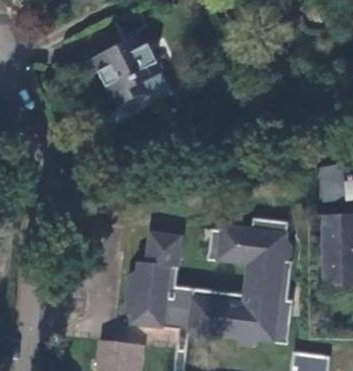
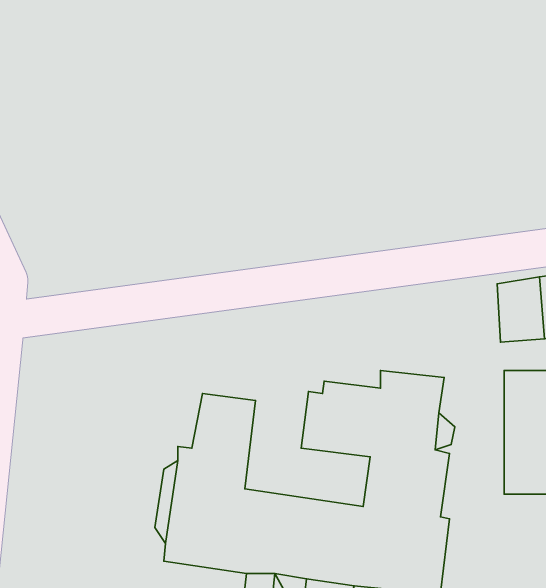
building: [80,27,181,107] -> none

